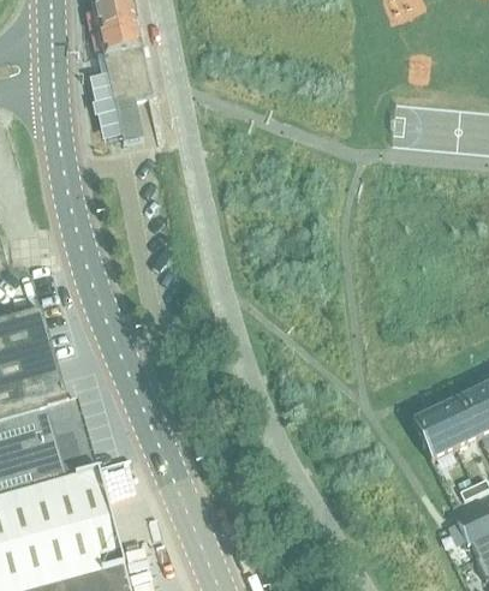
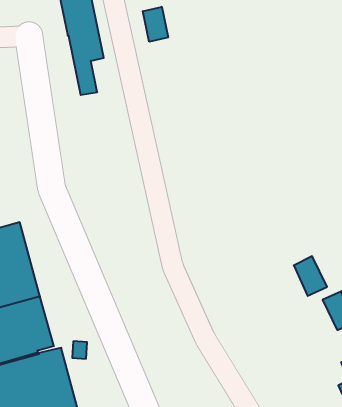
building: none -> [143,7,168,42]
building: [411,407,454,459] -> [294,256,327,296]

